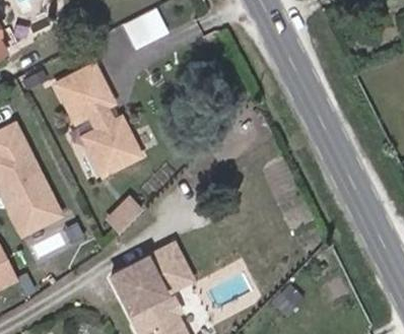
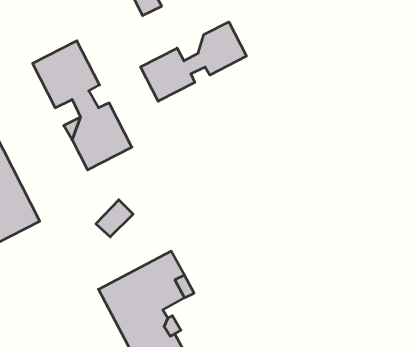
building: none -> [141,22,246,101]

